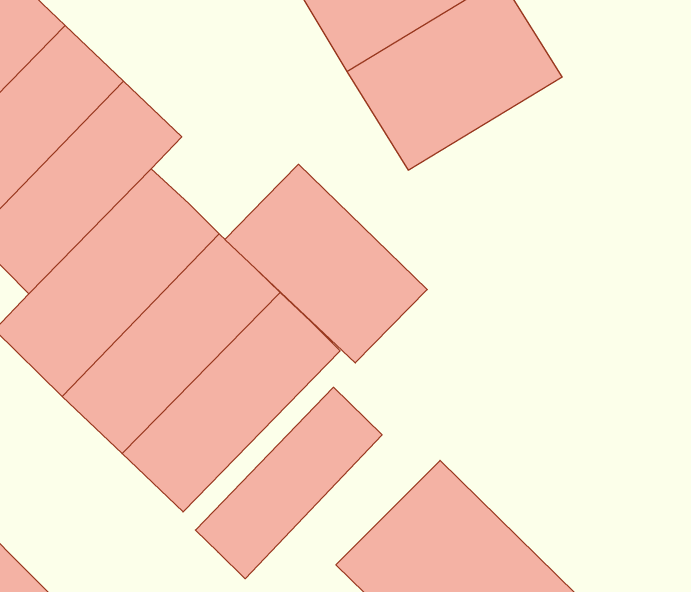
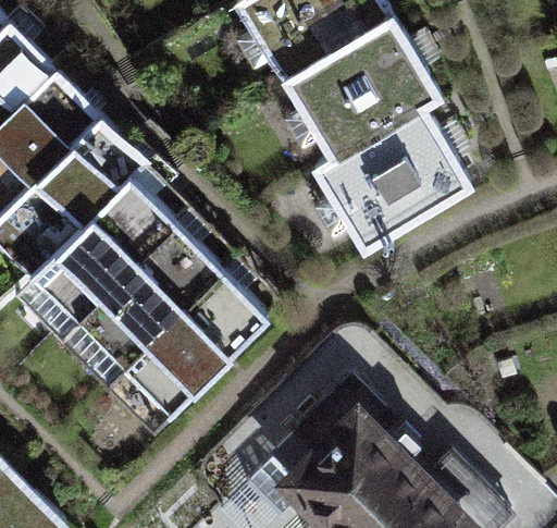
building: none -> [308,99,486,261]
building: [225,164,427,363] -> none
building: [195,387,382,579] -> none

